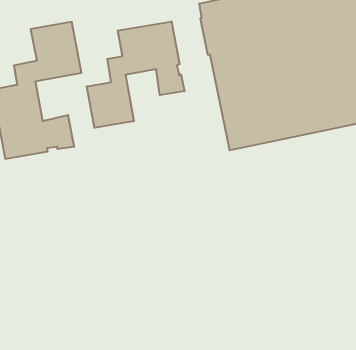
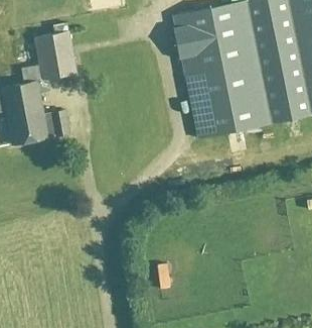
building: [87,21,184,128] -> none

